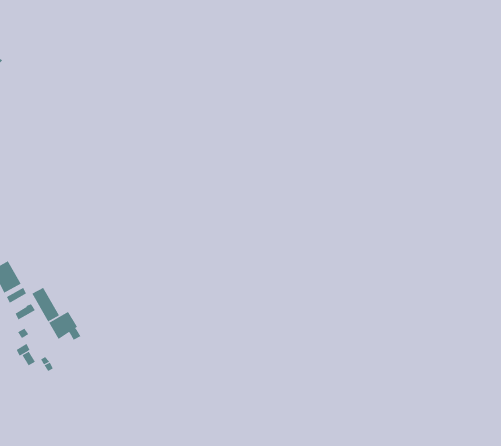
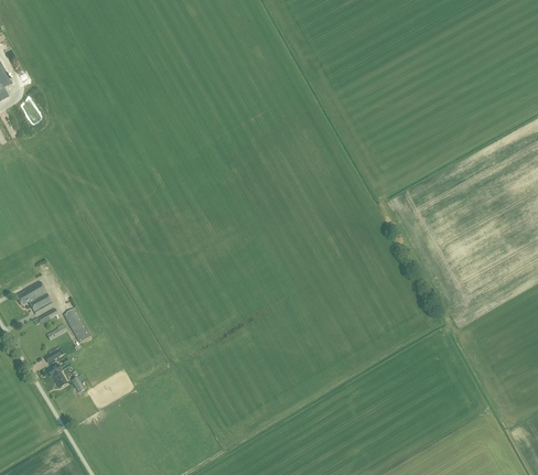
building: [49,311,81,340] -> none

